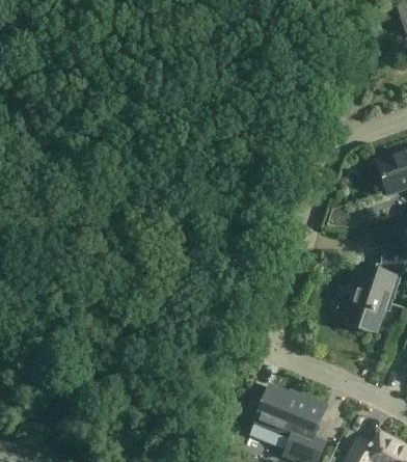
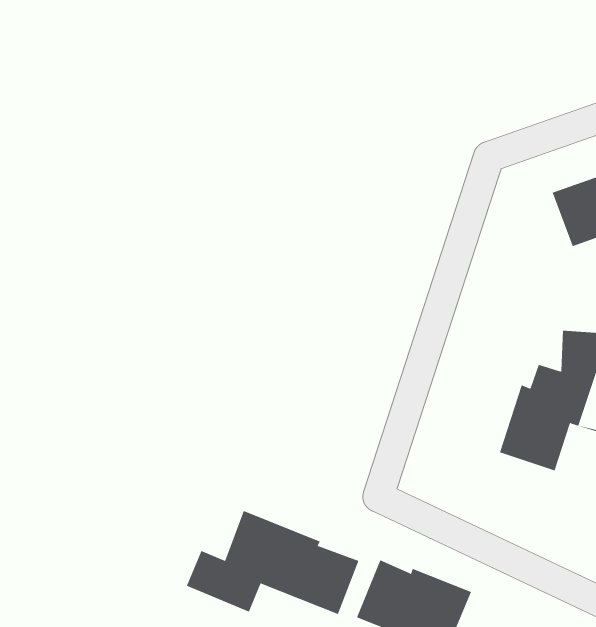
building: none -> [186,510,359,615]

